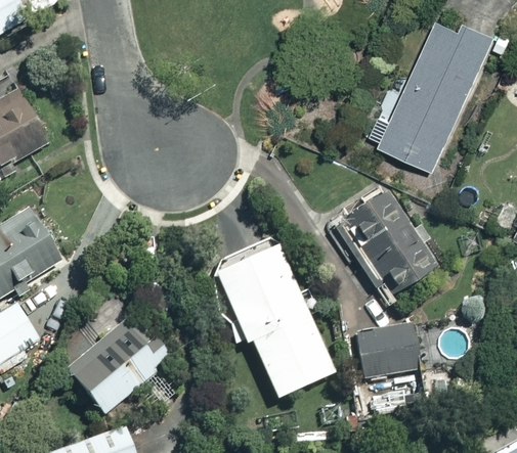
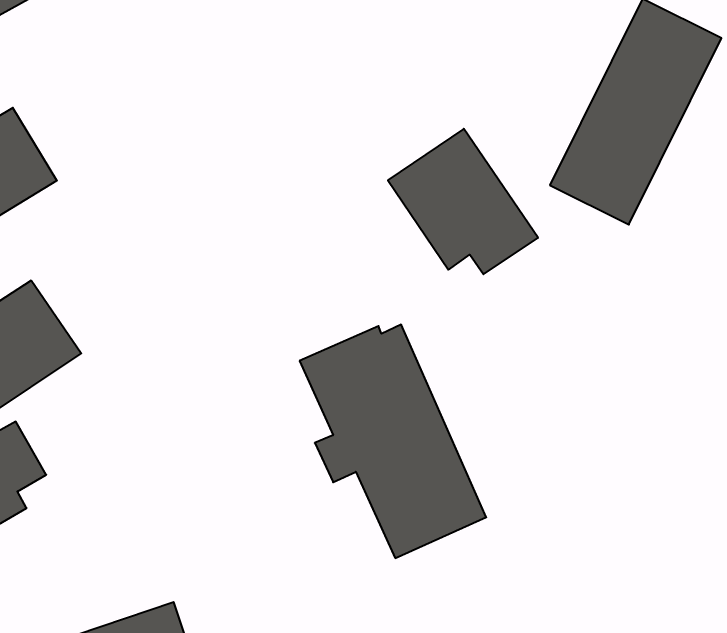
building: [333,190,434,288] -> [388,129,538,274]
building: [66,312,169,412] -> none
building: [356,328,417,376] -> none

